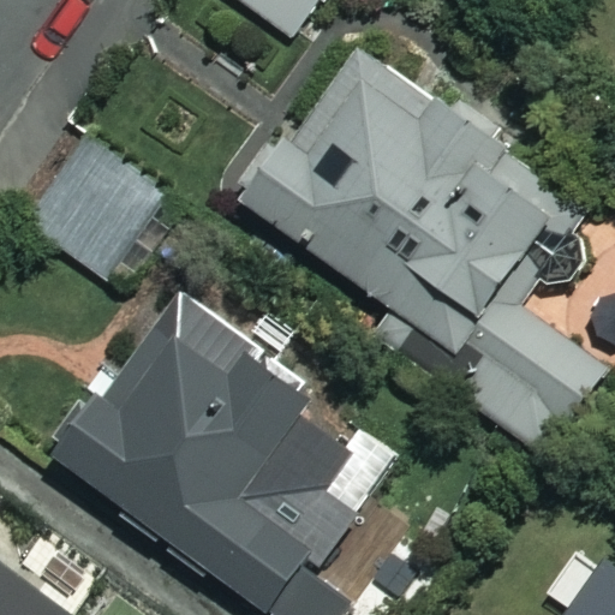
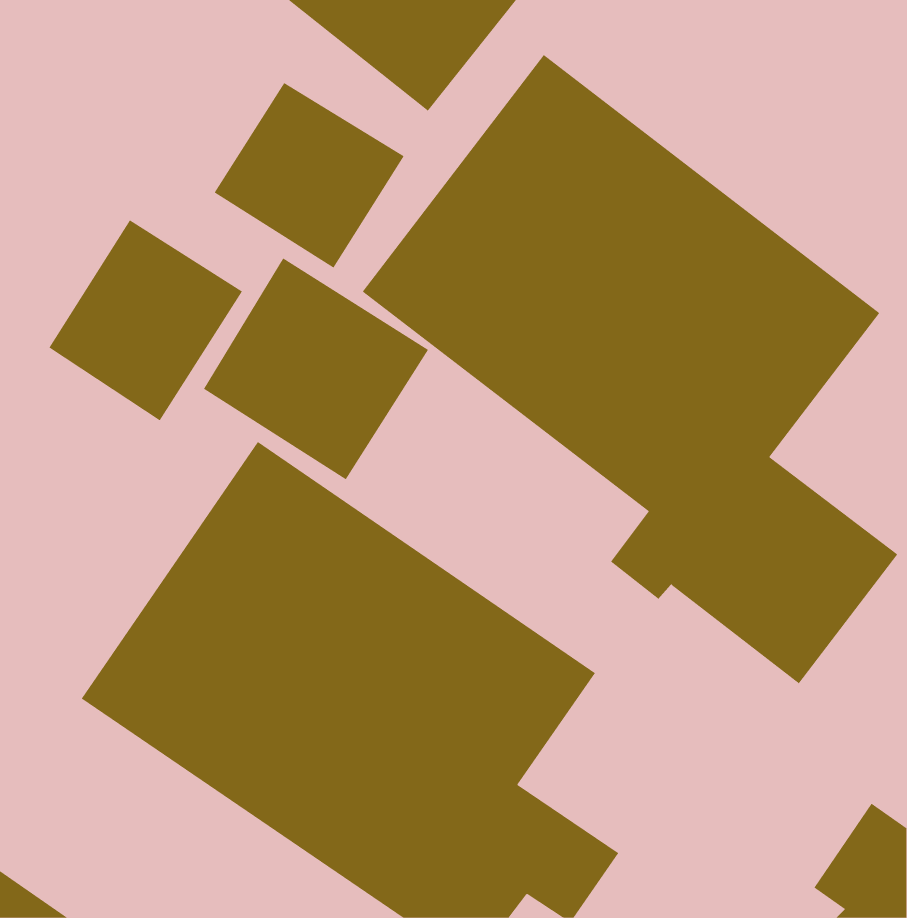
building: none -> [214,82,404,269]
building: none -> [203,258,429,480]

